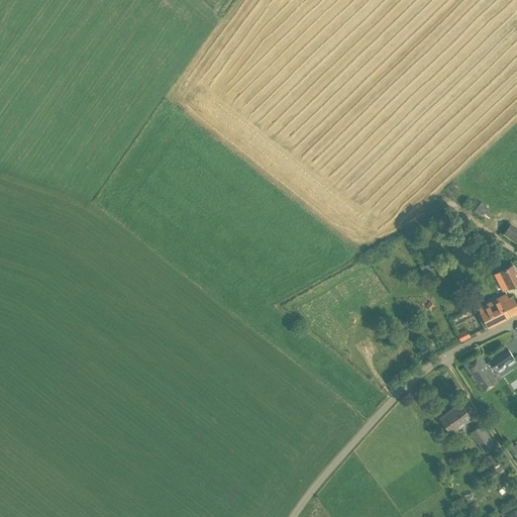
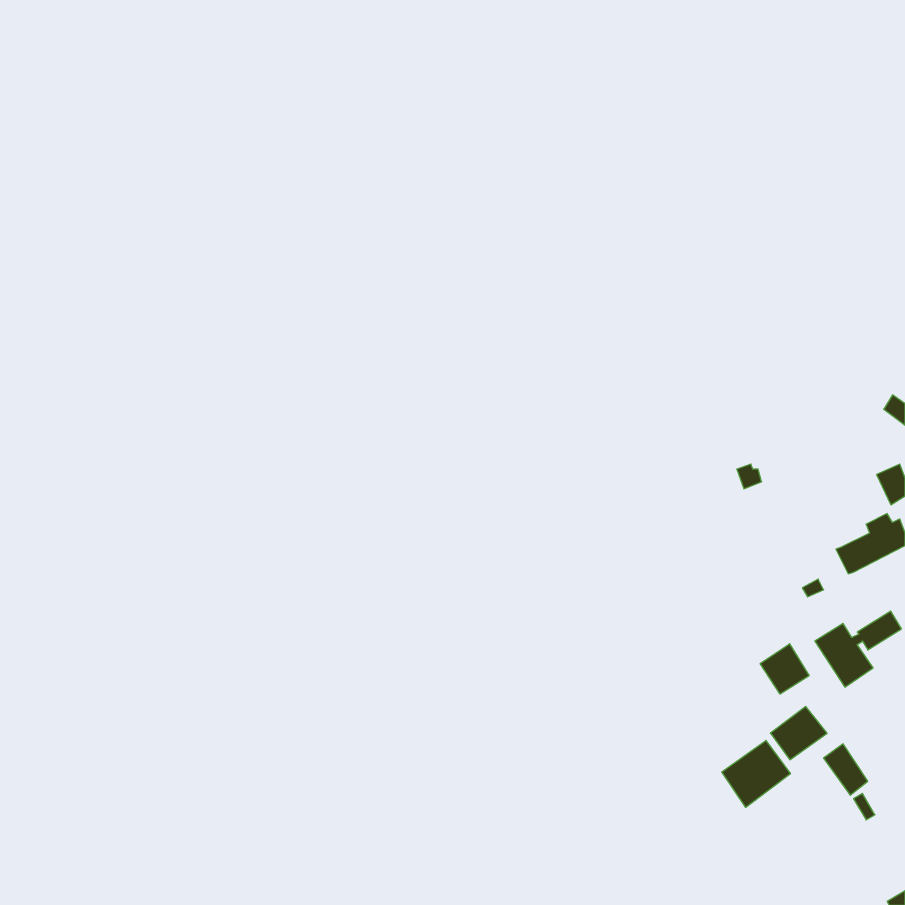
building: none -> [760,644,809,694]
building: none -> [722,740,790,807]

